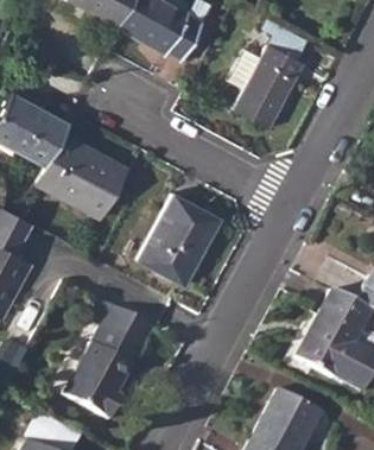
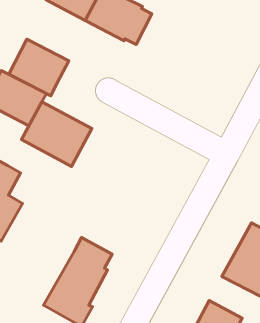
building: [235,20,310,126] -> none
building: none -> [9,39,69,96]
building: [139,192,220,283] -> none

